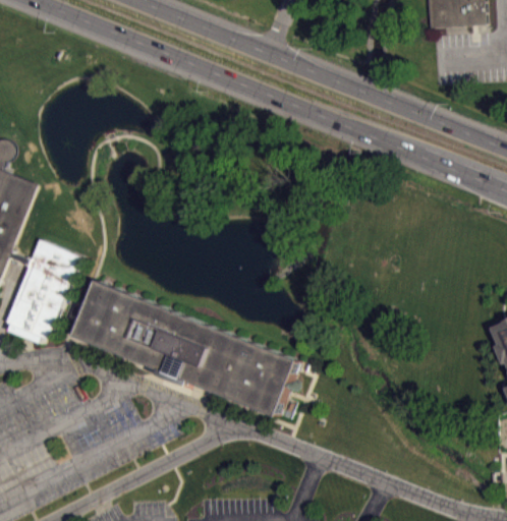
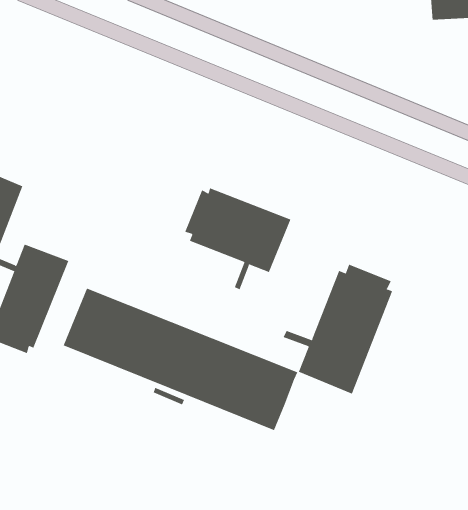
building: none -> [185,187,291,290]
building: none -> [283,264,393,395]

